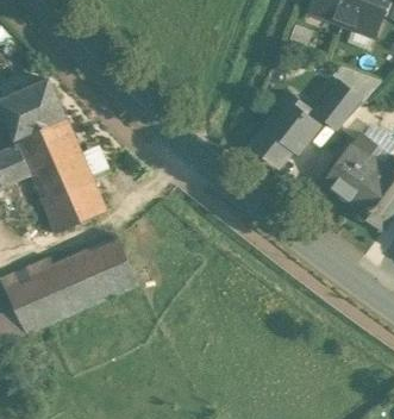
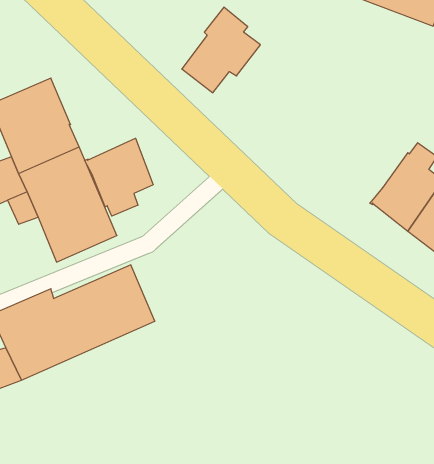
building: [315,80,364,127] -> none
building: [252,92,319,164] -> [182,7,260,93]
building: none -> [85,138,153,216]

